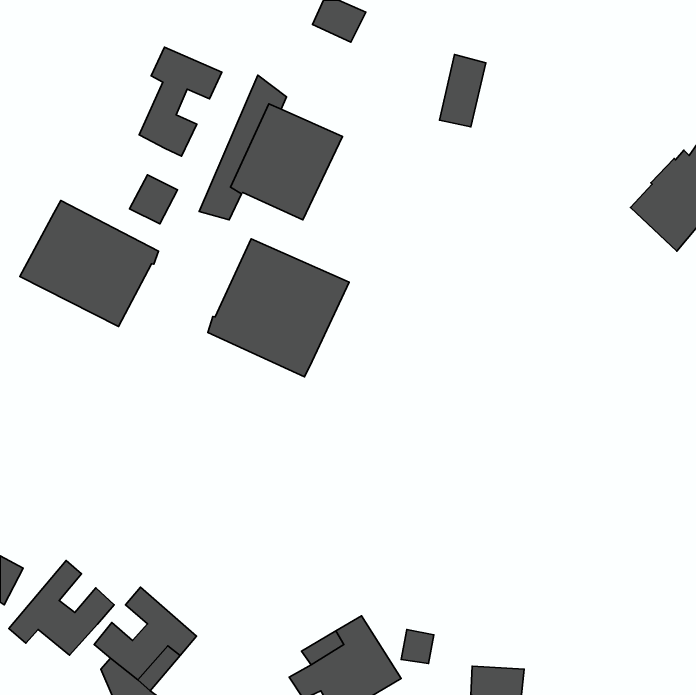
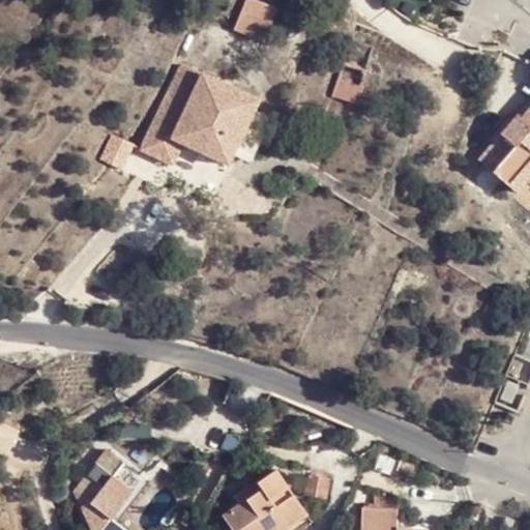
building: [139,47,222,156] -> none
building: [20,200,158,327] -> none
building: [208,239,349,377] -> none
building: [9,560,114,655] -> none

